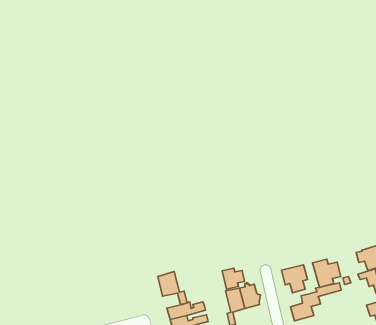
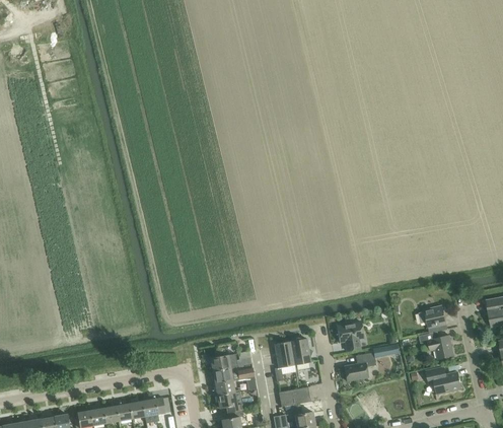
building: [313,259,341,287] -> none
building: [222,268,244,289] -> none
building: [158,272,187,305] -> none

